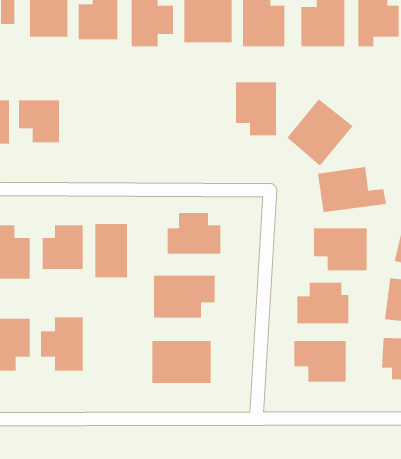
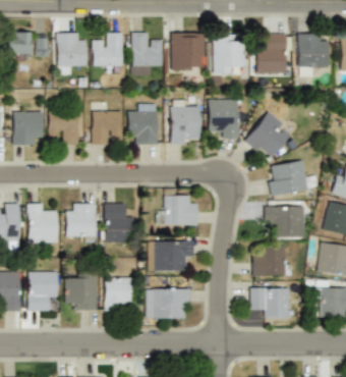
building: none -> [170,101,199,144]
building: none -> [127,104,158,145]
building: none -> [93,111,122,145]
building: none -> [105,277,133,310]

